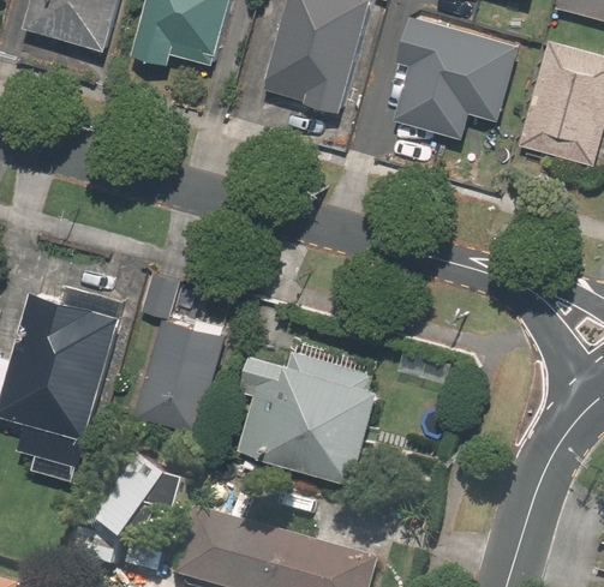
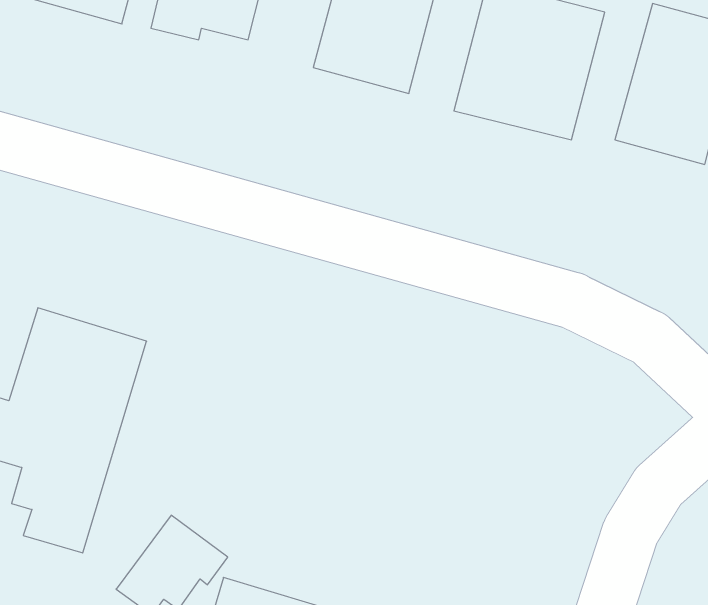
building: [132,275,222,432] -> none
building: [237,348,378,485] -> none

